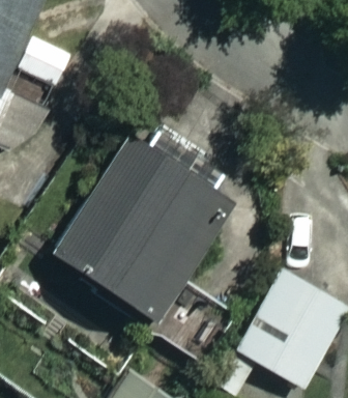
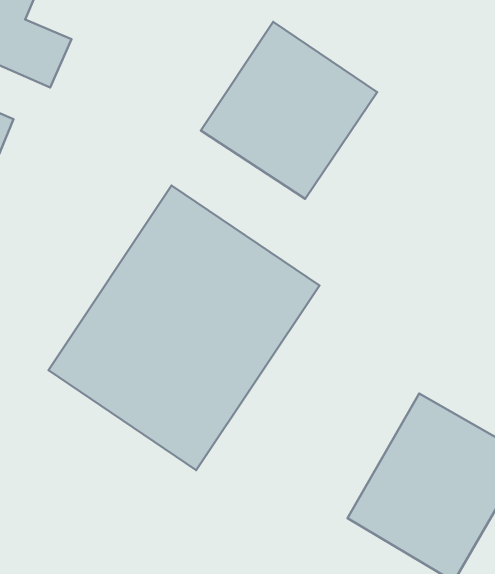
building: none -> [201,22,377,199]

